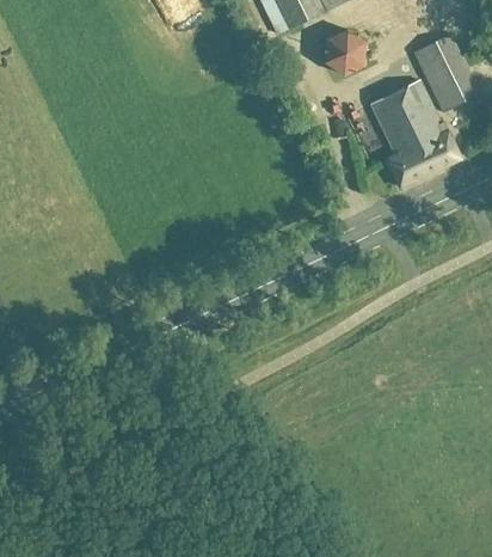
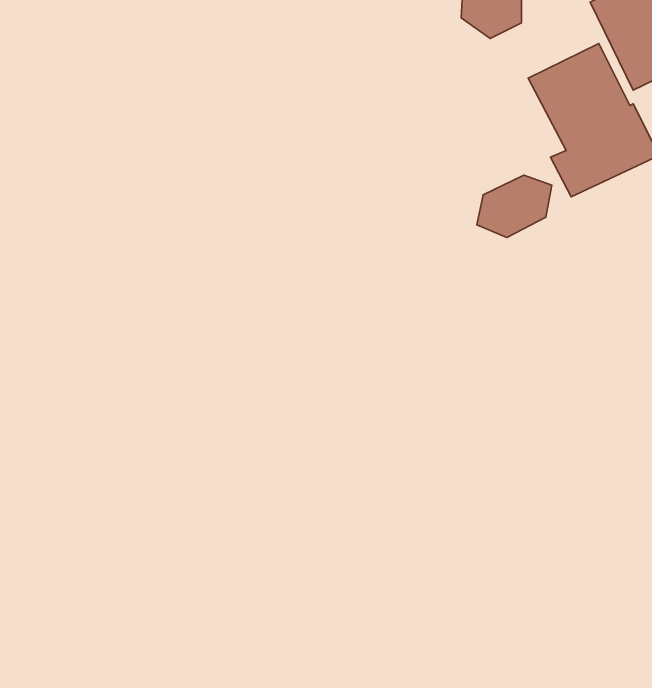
building: none -> [477,175,552,238]

